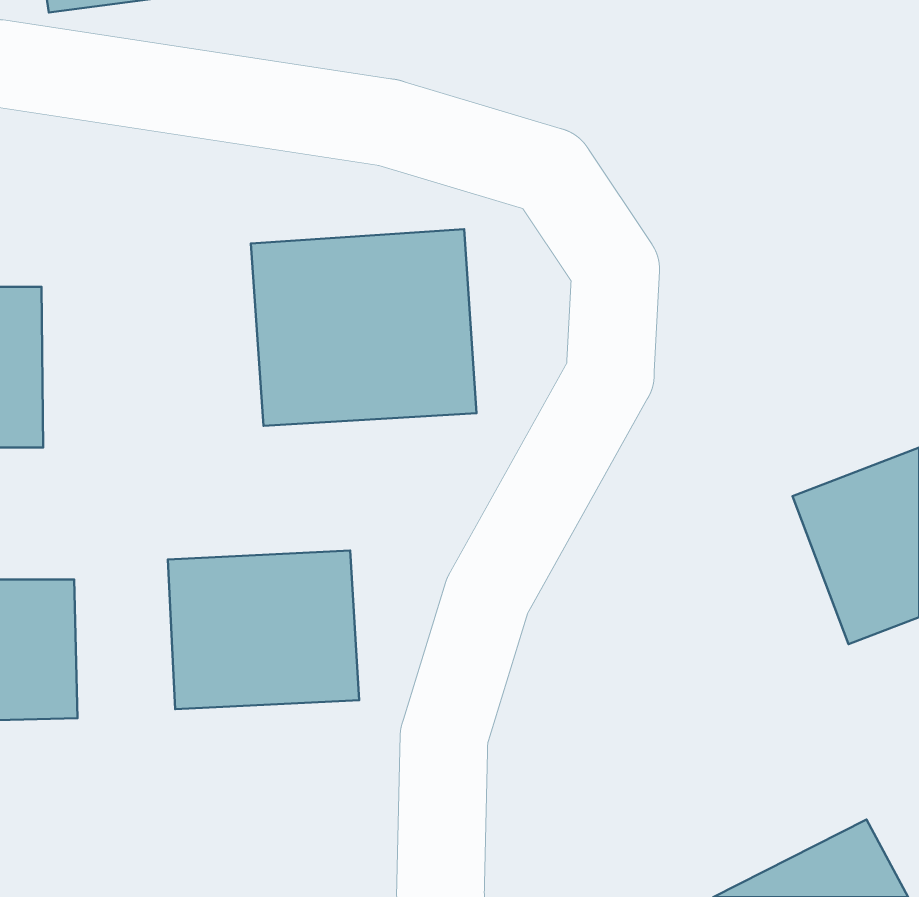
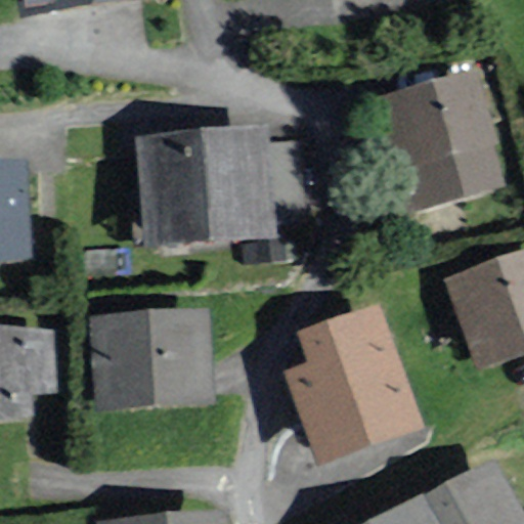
building: none -> [387,76,495,199]
building: none -> [290,308,417,461]

